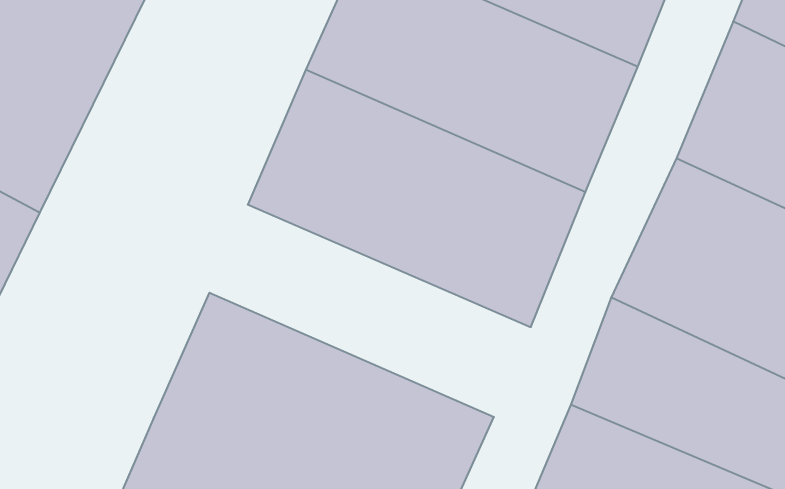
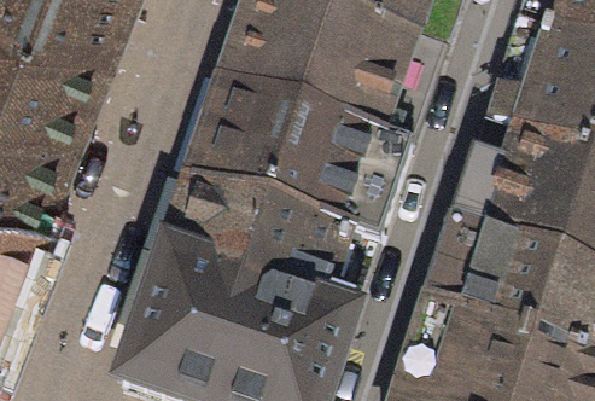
building: none -> [168,179,395,313]

